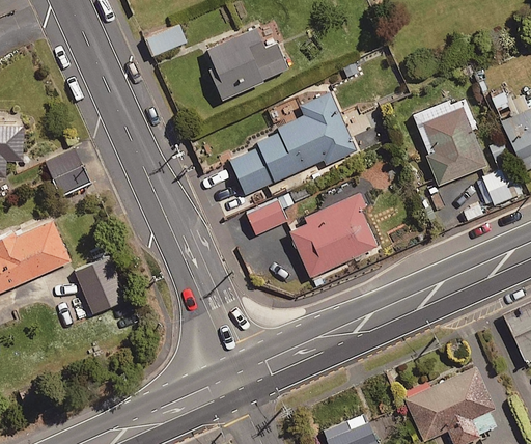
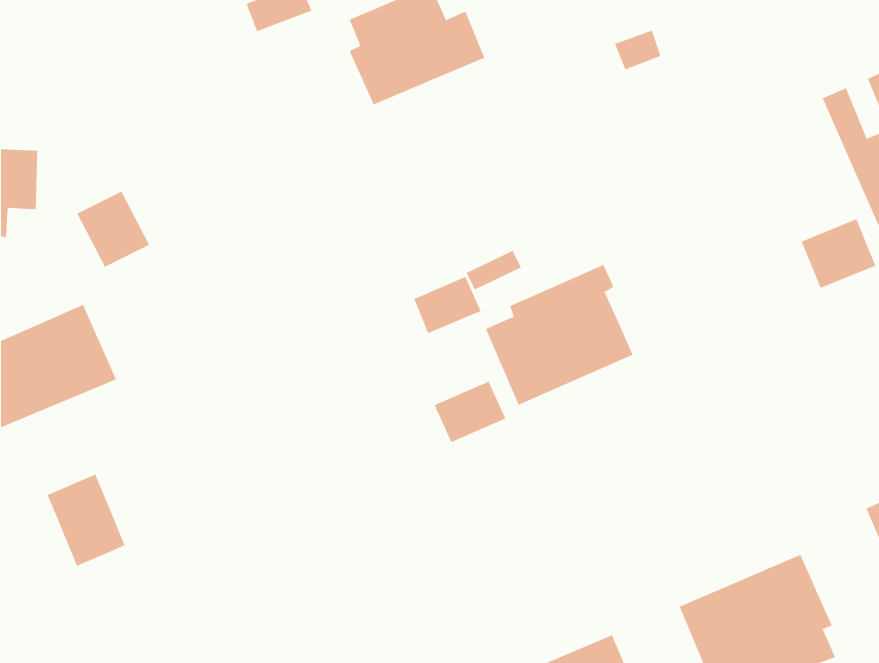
building: [229,92,356,194] -> none
building: [423,107,485,185] -> none
building: [76,258,122,313] -> [47,474,125,567]
building: none -> [434,381,506,443]

